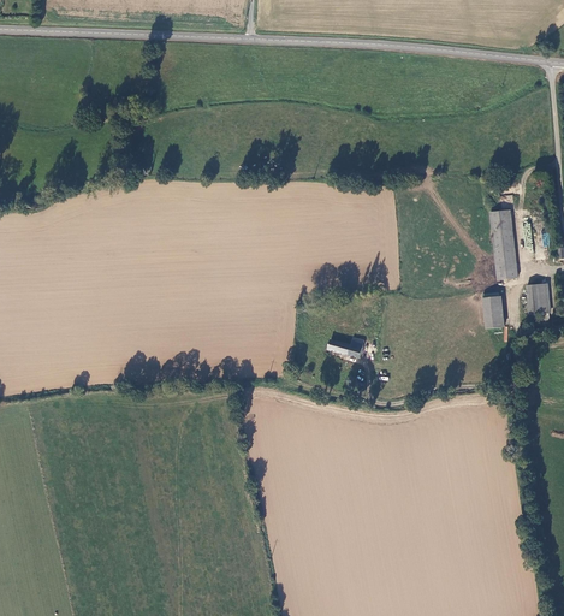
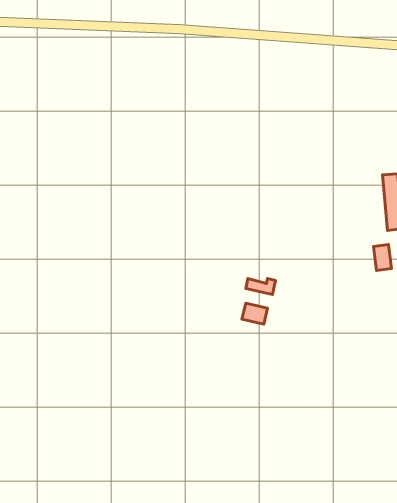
building: none -> [242,303,268,324]

